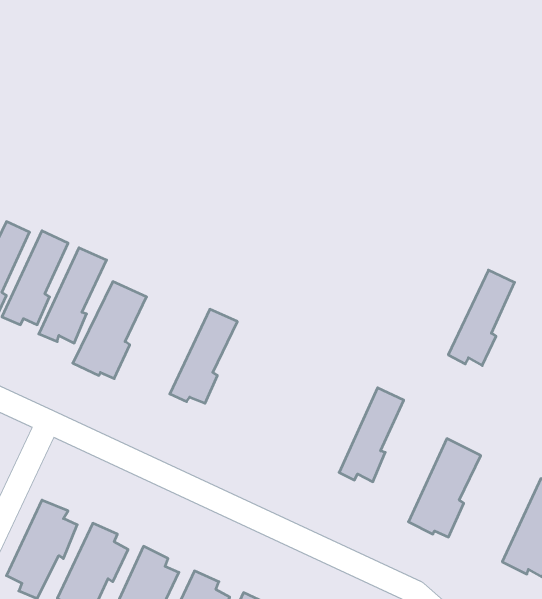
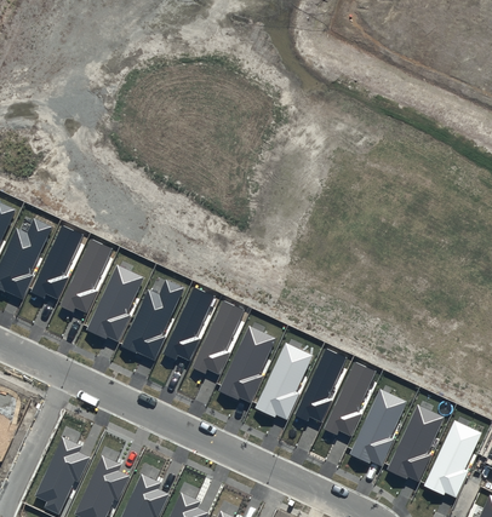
building: [448,270,515,366] -> [324,362,376,437]
building: none -> [122,280,184,360]
building: none -> [191,300,244,375]
building: none -> [219,326,276,403]
building: none -> [256,343,314,420]
building: none -> [387,406,444,482]

